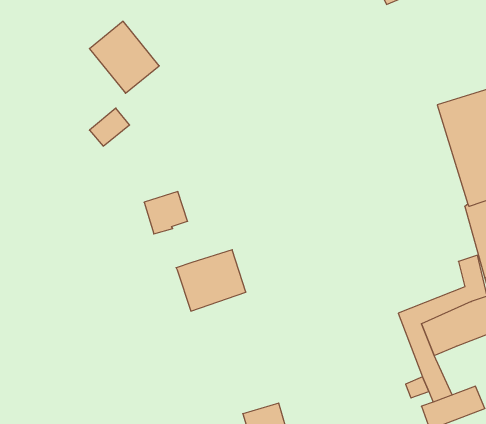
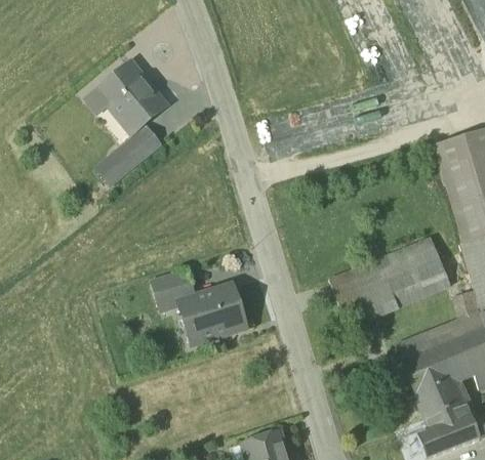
building: none -> [122,127,159,163]
building: [144,192,188,234] -> [154,267,196,308]
building: none -> [328,237,449,331]
building: none -> [431,377,471,424]

